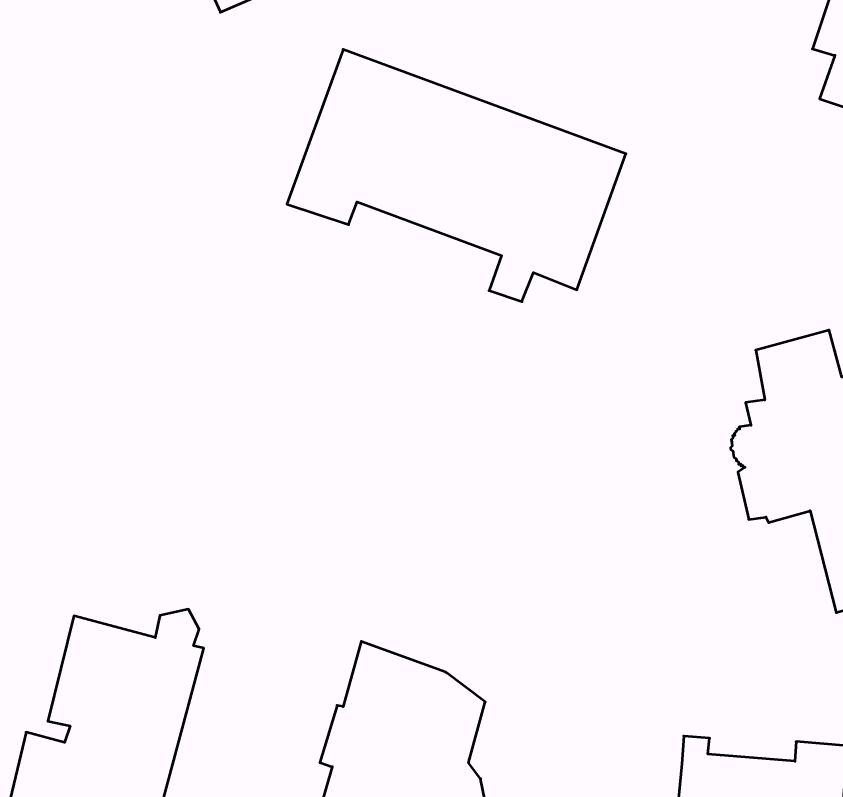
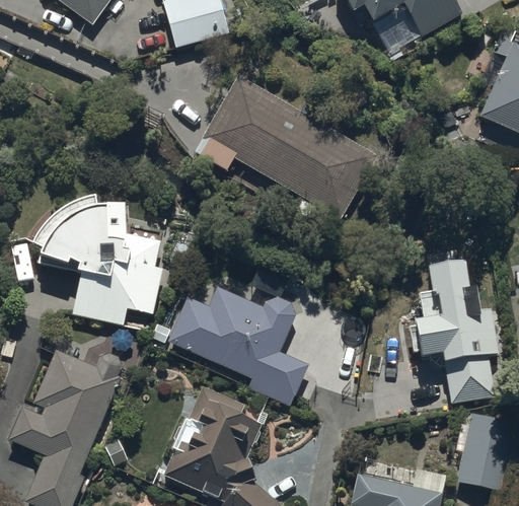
building: none -> [36,194,162,326]
building: none -> [149,287,309,408]

